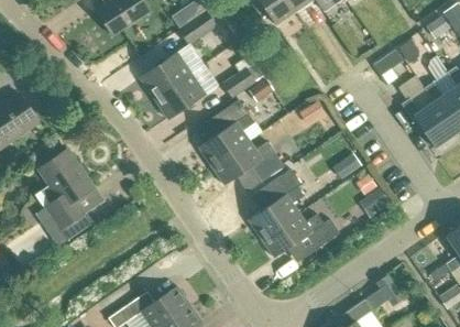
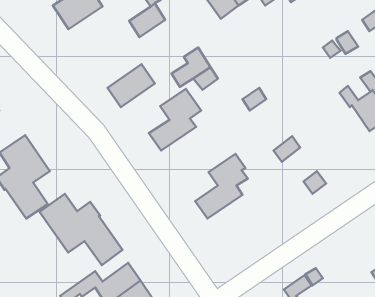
building: [141,53,191,99] -> none
building: [212,141,285,186] -> none
building: none -> [40,194,123,265]
building: [262,214,341,259] -> none

